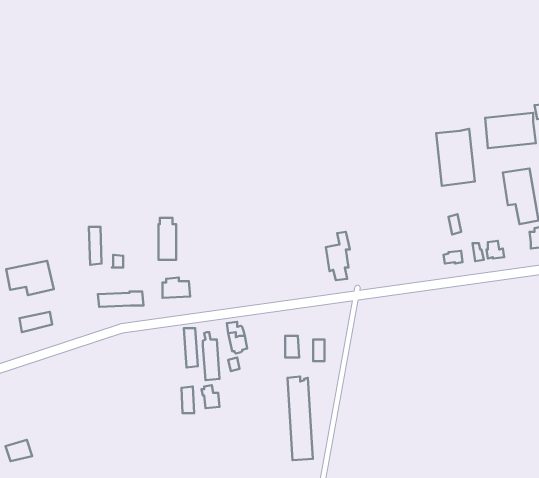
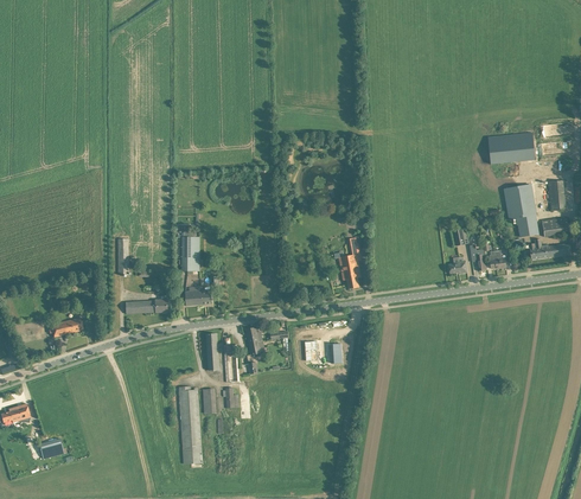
building: [436,129,475,186] -> none
building: [6,261,54,295] -> none
building: [288,376,313,460] -> [178,385,202,463]

